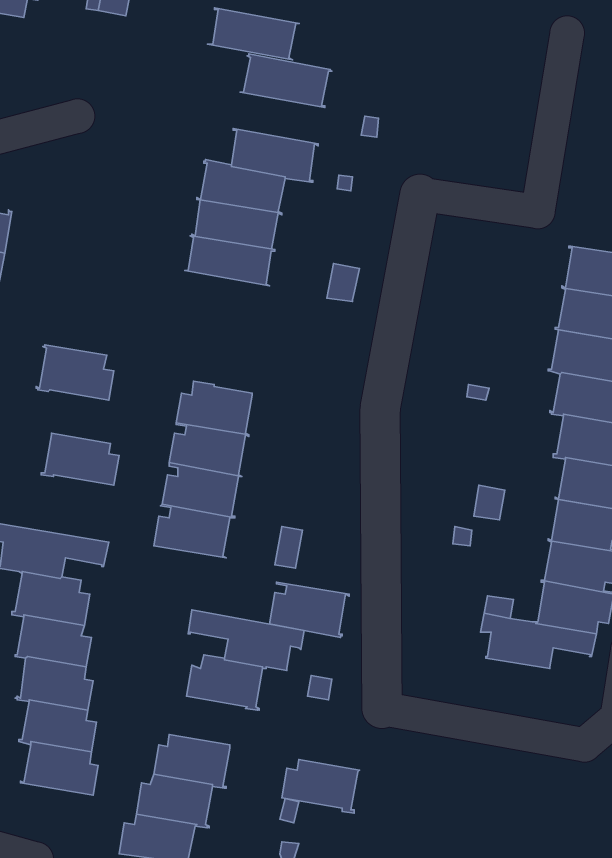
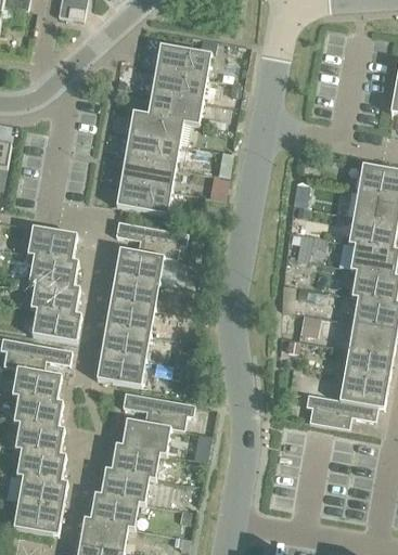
building: [208,8,299,60] -> [150,67,207,100]
building: none -> [115,179,172,214]
building: none -> [115,220,188,259]
building: none -> [27,254,76,287]
building: none -> [30,307,79,341]
building: [270,582,349,638] -> [95,351,145,386]
building: [282,760,360,813] -> [110,446,158,479]
building: none -> [12,500,62,533]

